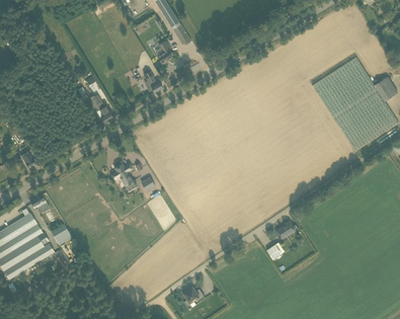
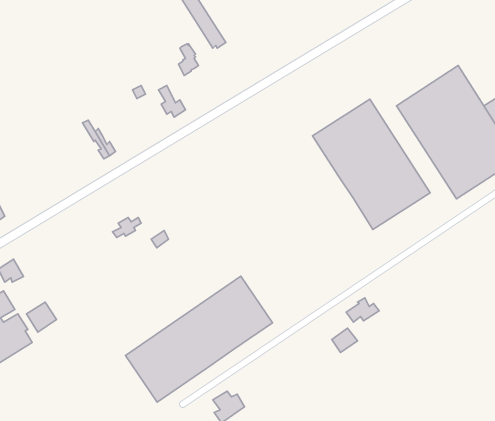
building: none -> [313,99,430,229]
building: none -> [126,276,273,402]

